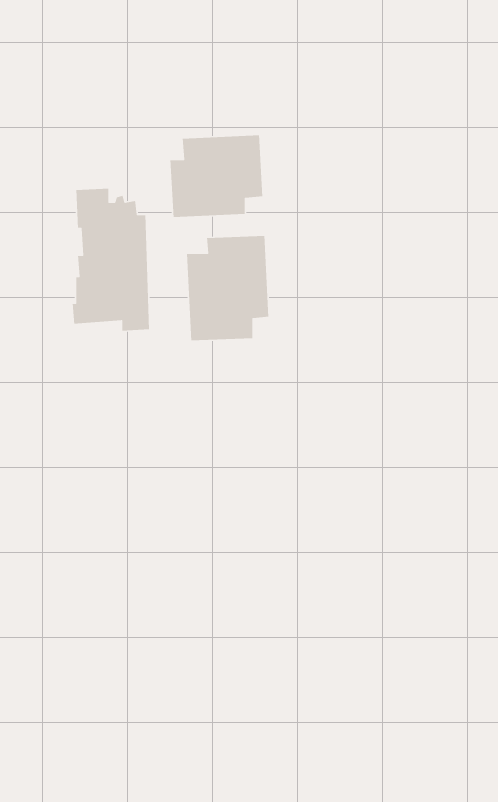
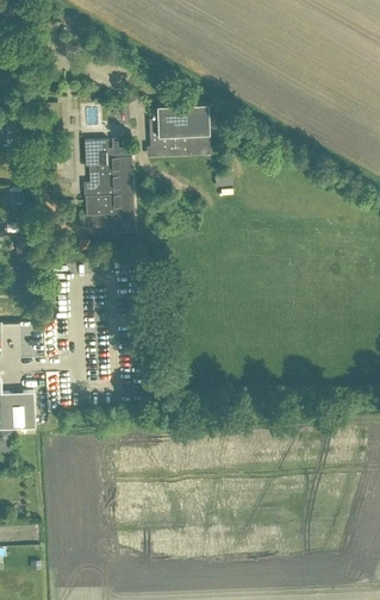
building: [186,235,269,341] -> none

